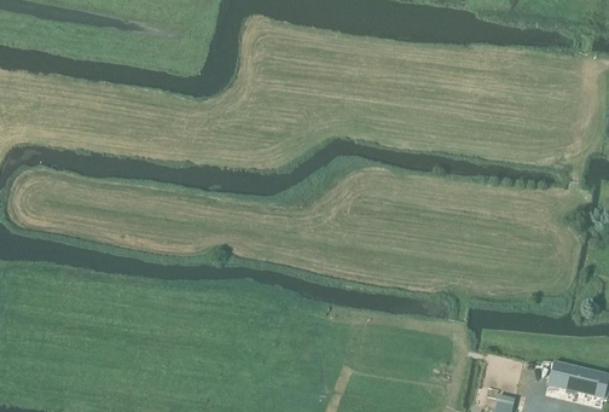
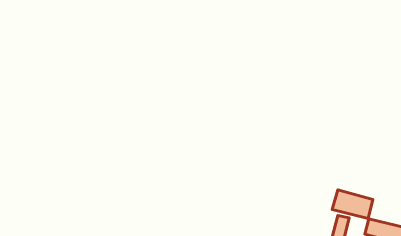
building: none -> [332,190,373,219]

